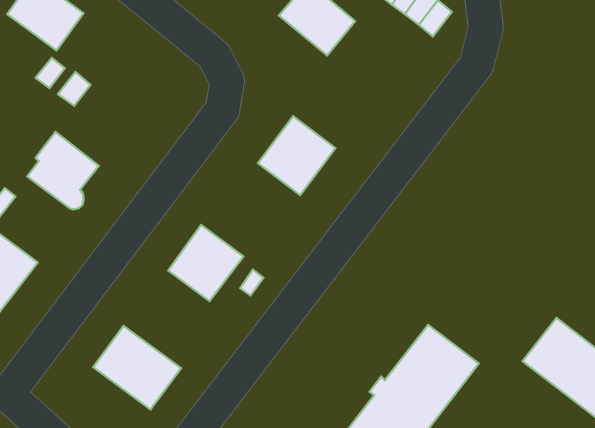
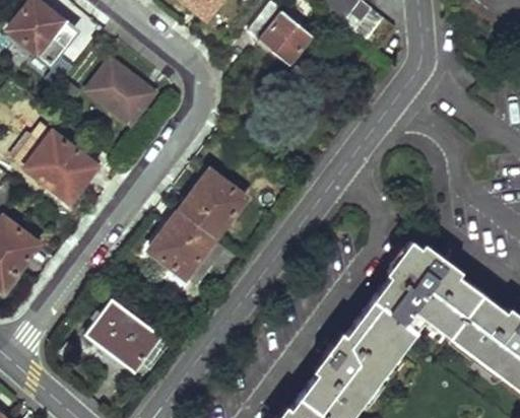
building: none -> [87,60,147,125]
building: [258,116,335,195] -> [178,172,245,240]
building: none -> [374,239,484,333]

